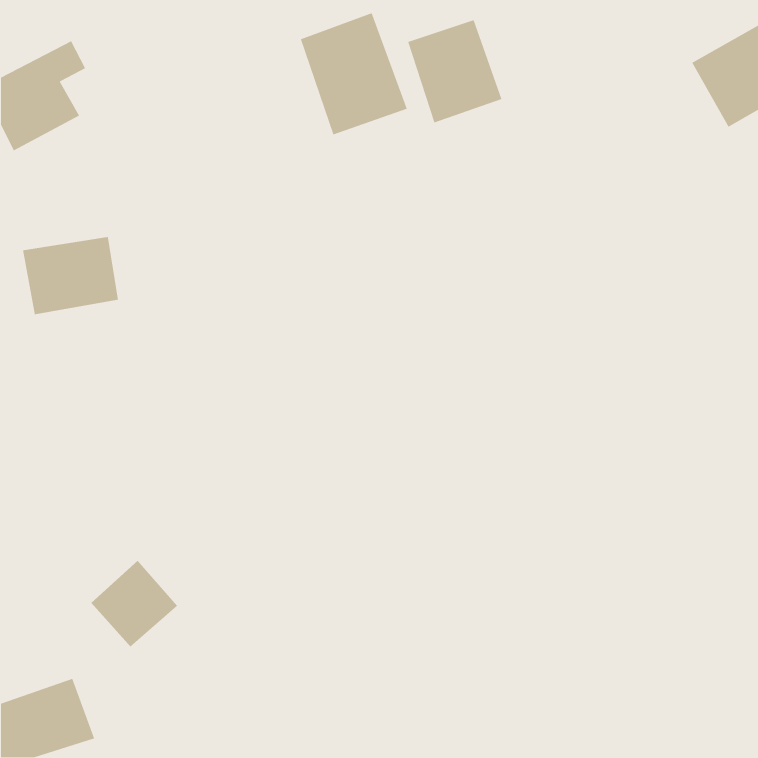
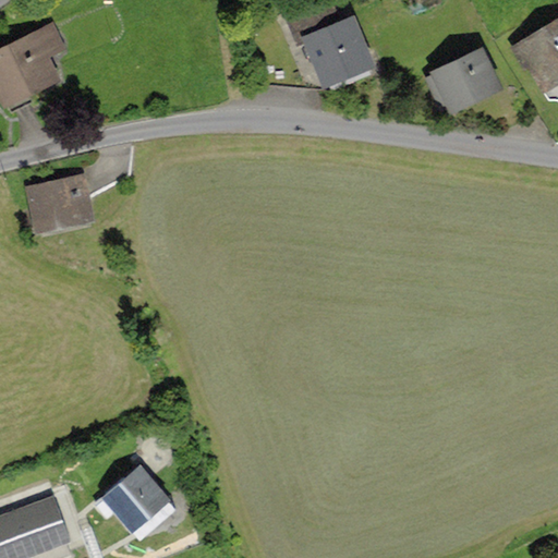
building: [300,12,408,135] -> none
building: none -> [423,46,501,114]
building: [90,560,178,647] -> [107,465,171,530]

